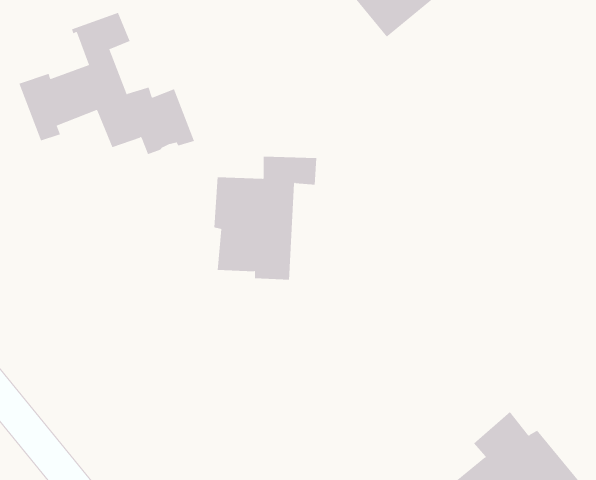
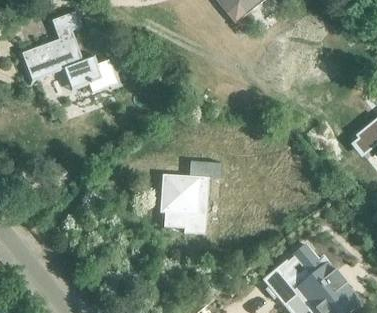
building: [214,156,317,280] -> [160,163,221,236]

